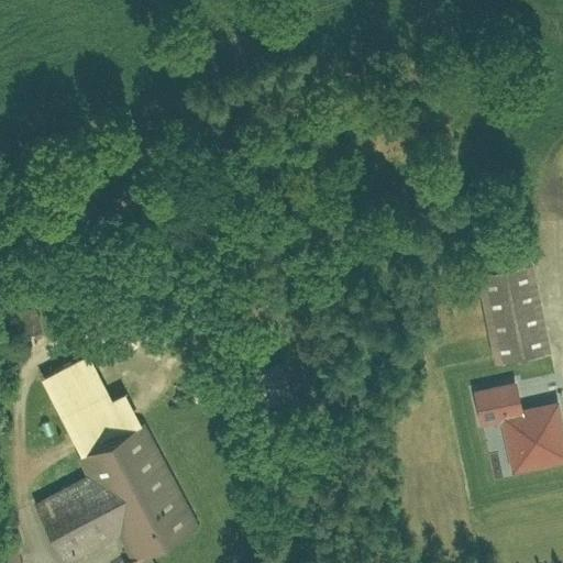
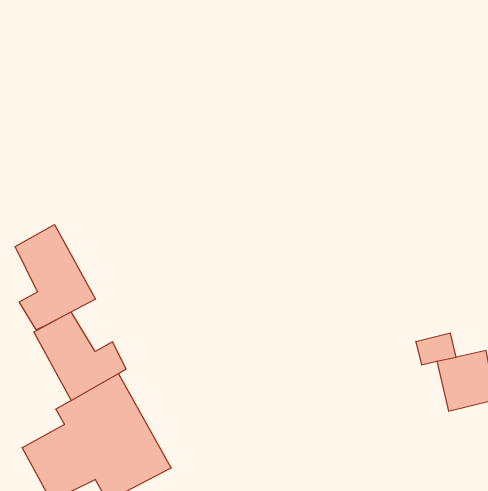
building: none -> [15,225,95,330]
building: [476,266,554,368] -> none

